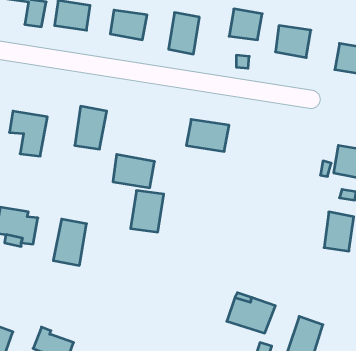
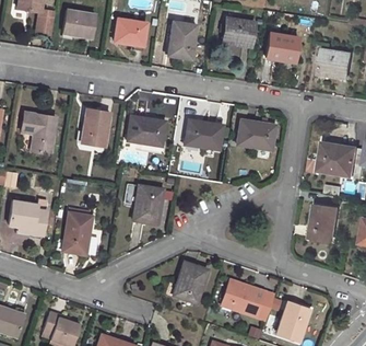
building: none -> [236,119,275,150]
building: [113,154,155,188] -> [127,115,165,146]
building: none -> [173,262,206,303]

